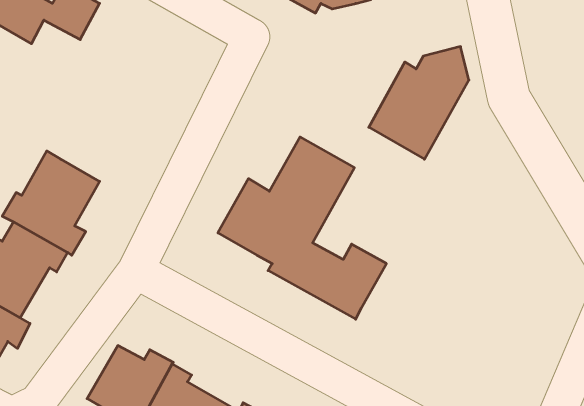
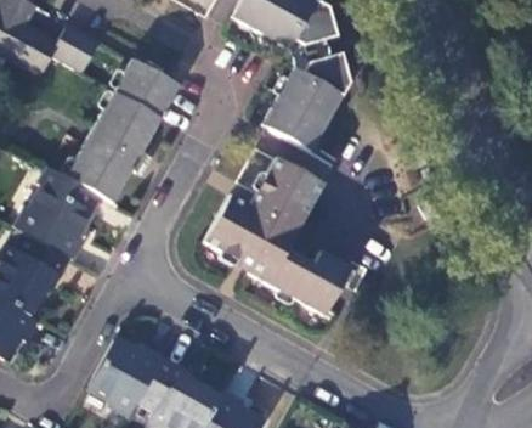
building: none -> [66,60,179,204]
building: [369,47,469,159] -> [261,55,349,153]

